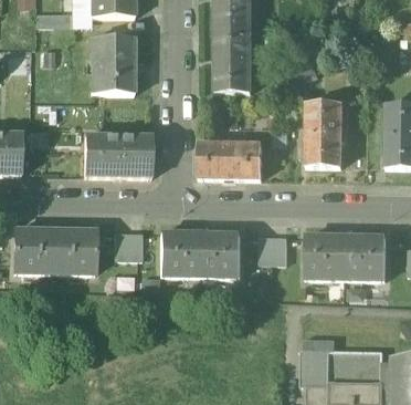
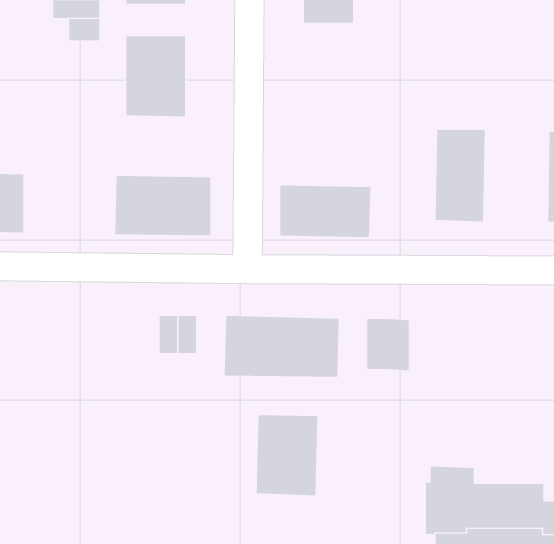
building: [215,29,251,92] -> none
building: [14,229,95,272] -> none
building: [306,235,386,278] -> none
building: none -> [256,414,318,496]

